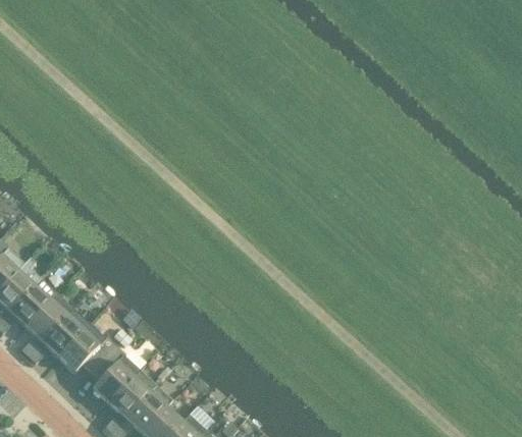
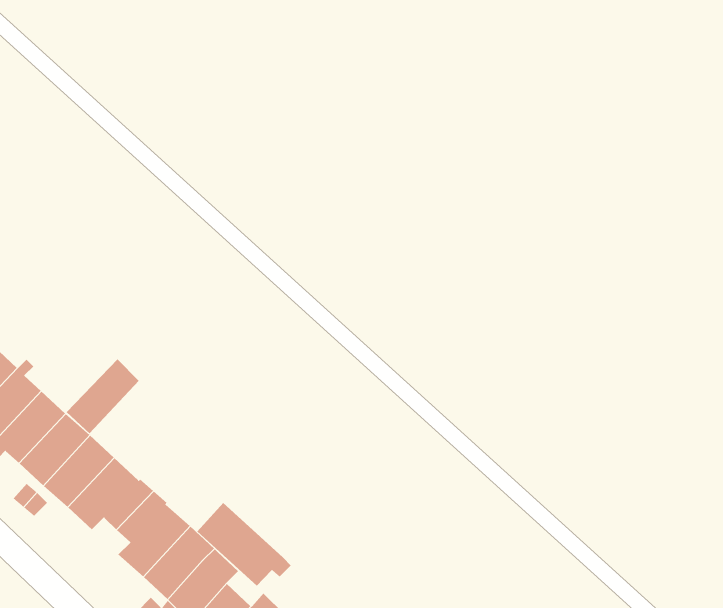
building: none -> [66,359,140,434]
building: none -> [197,502,291,586]

